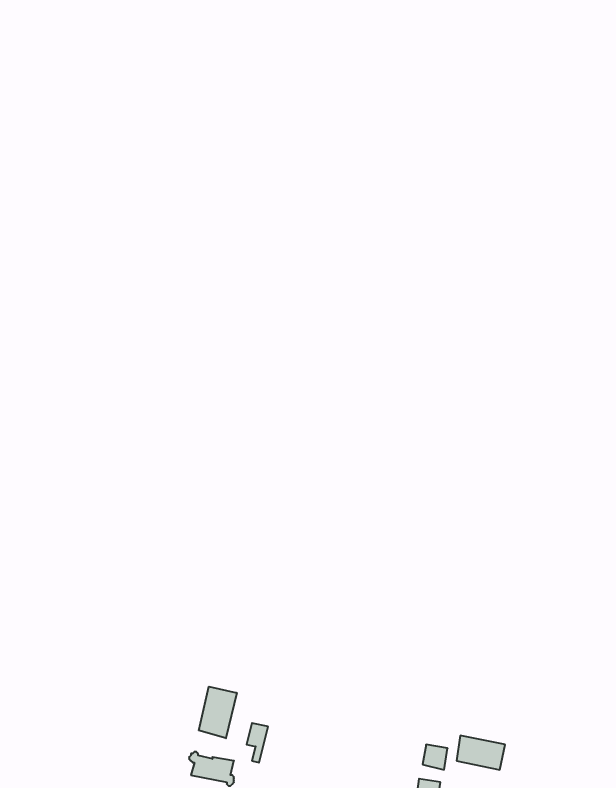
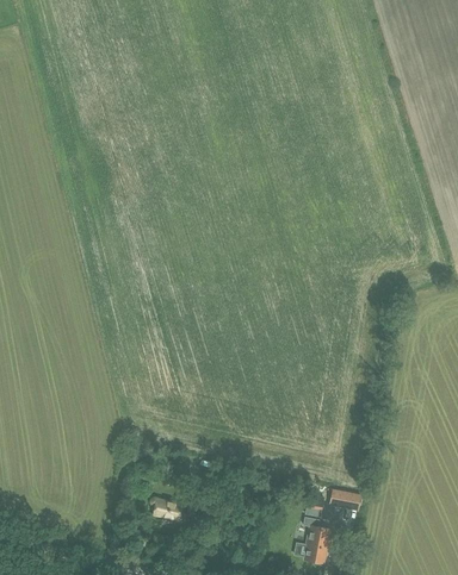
building: [199,687,237,738] -> none

